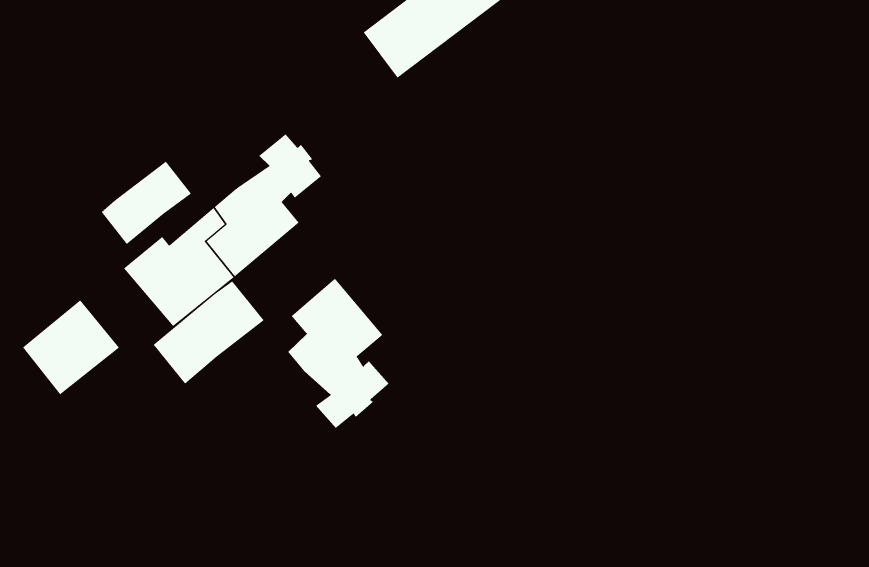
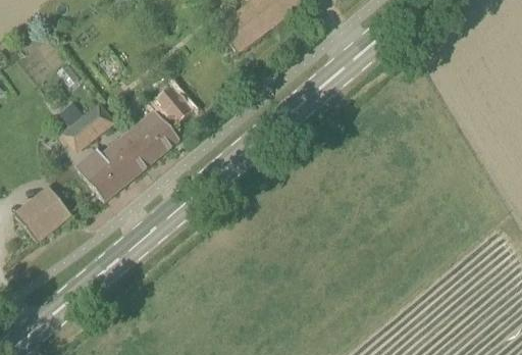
building: [287,278,389,429] -> none
building: [153,280,265,384] -> none

